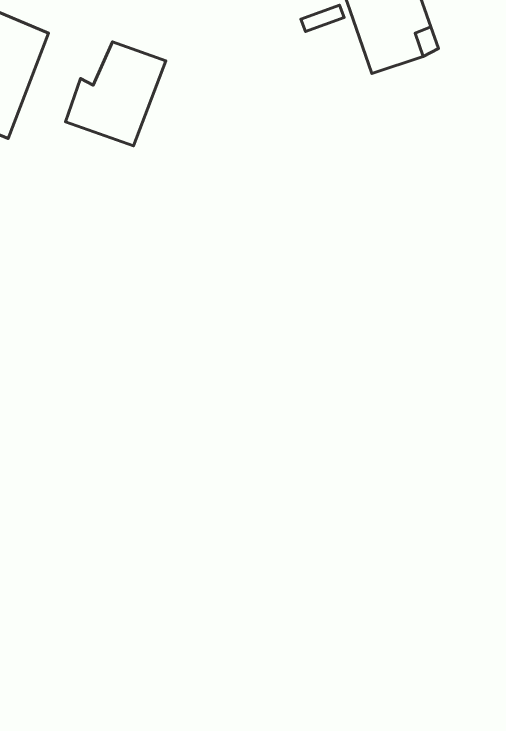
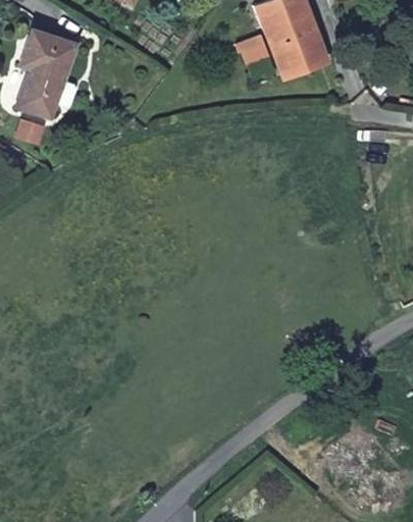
building: [66,42,166,146] -> none

